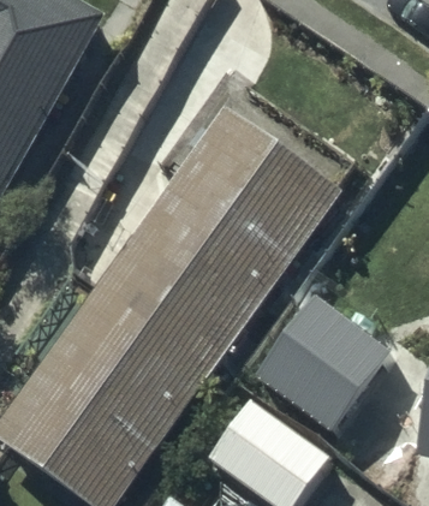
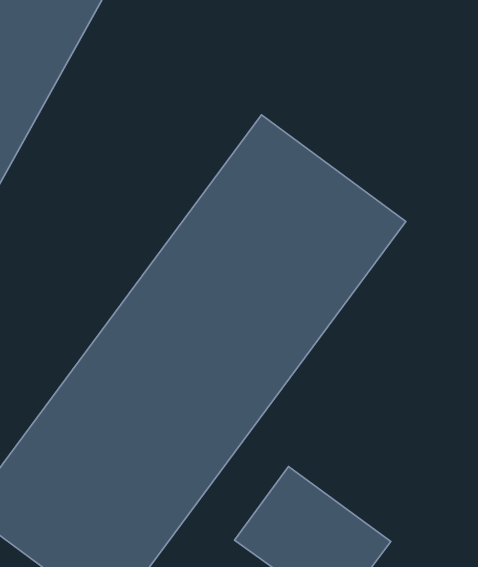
building: [231,292,391,447] -> none

